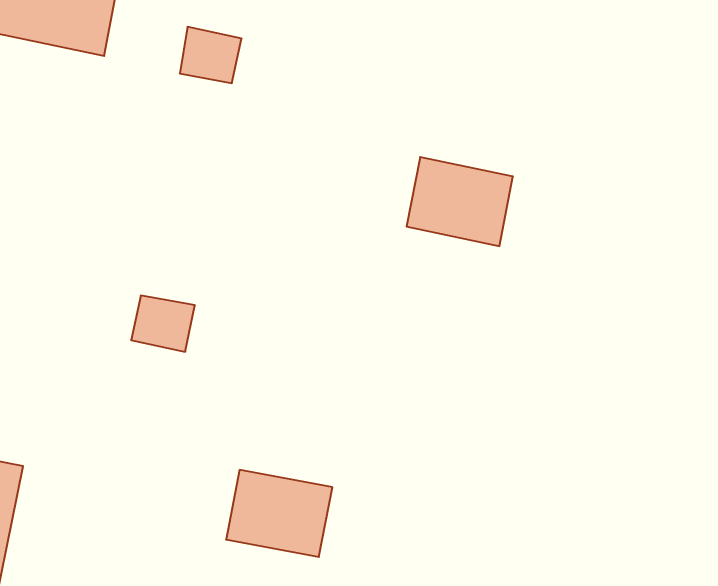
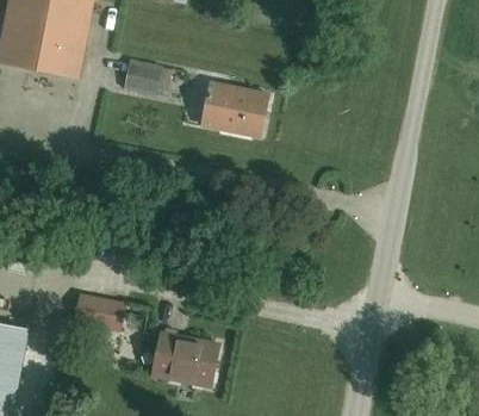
building: [407,157,513,246] -> [201,82,267,137]
building: [131,296,195,352] -> [79,294,118,329]

